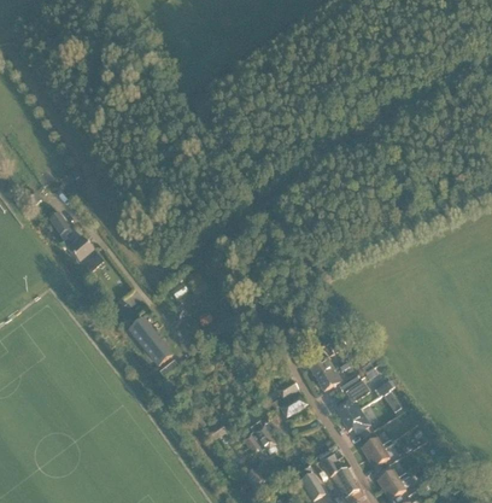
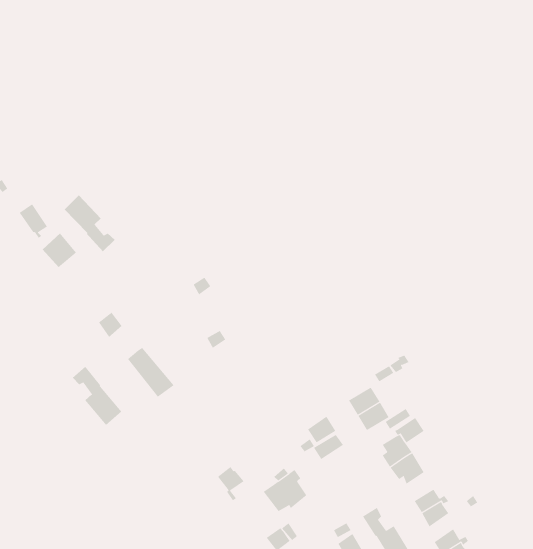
building: none -> [64,194,116,252]
building: none -> [72,366,122,426]

